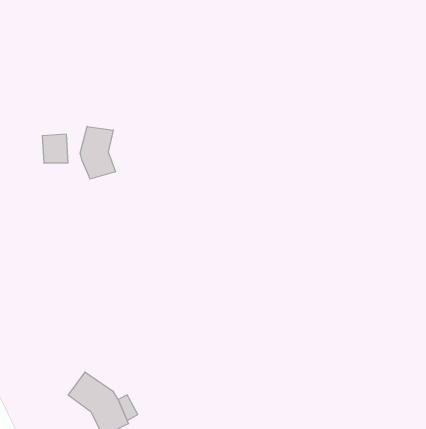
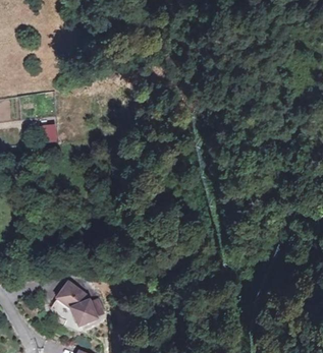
building: [80,126,115,179] -> none

